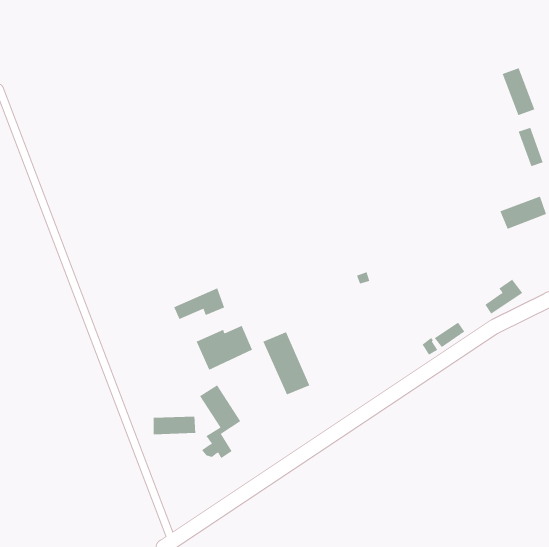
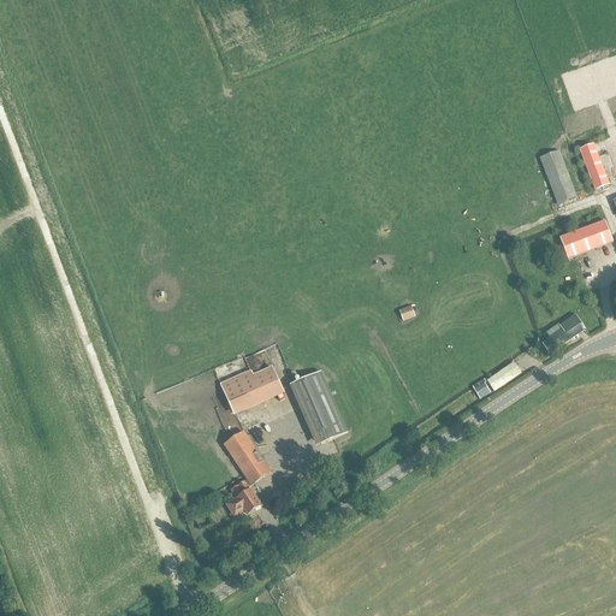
building: [502,67,535,116] -> [538,148,575,202]
building: [174,287,225,320] -> none
building: [153,416,196,435] -> none

